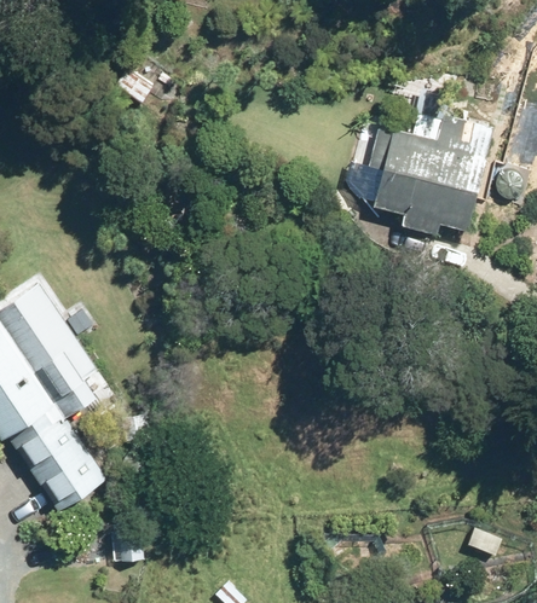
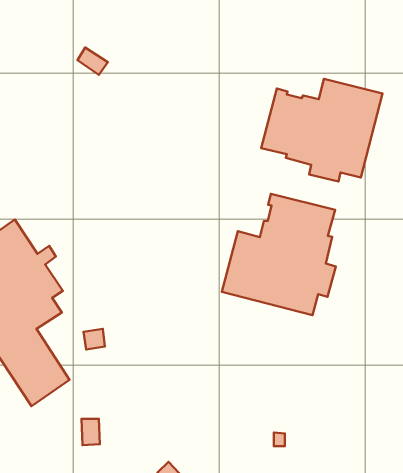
building: none -> [222,194,336,315]

